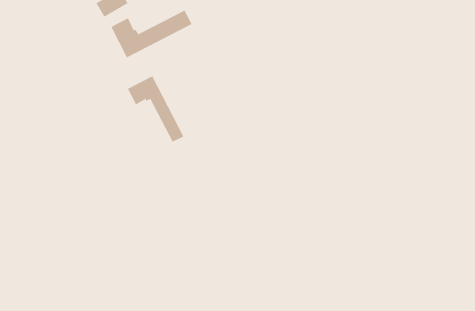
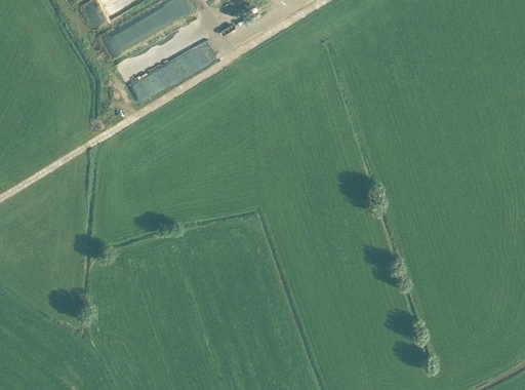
building: [127,75,184,143] -> none

